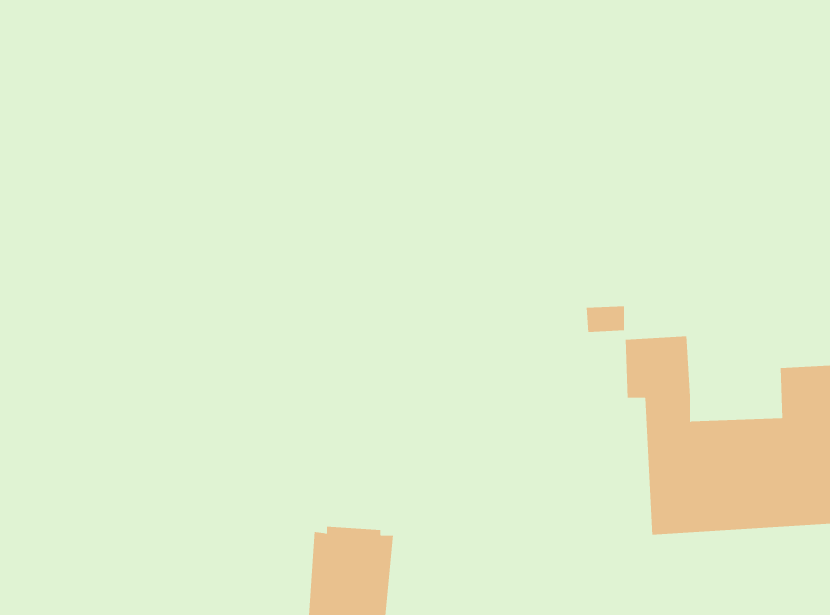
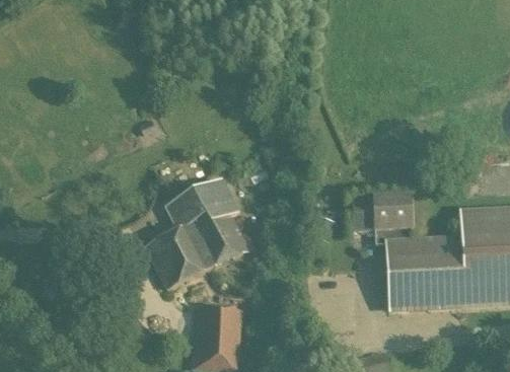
building: none -> [146,177,248,287]

